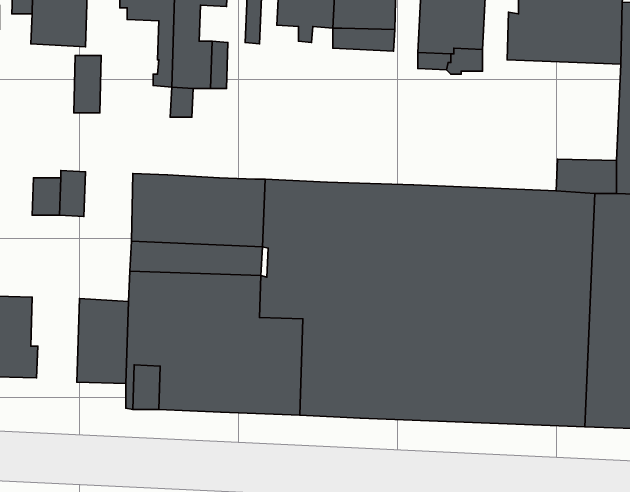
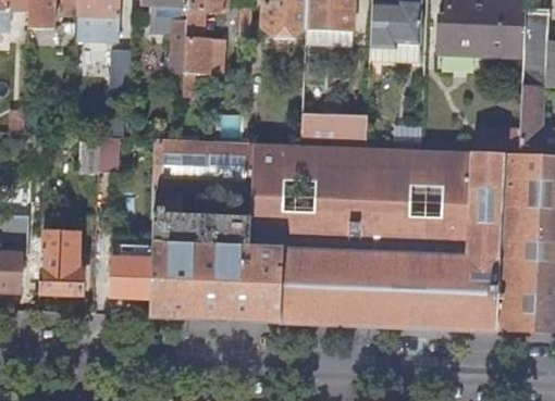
building: none -> [301,113,368,147]

